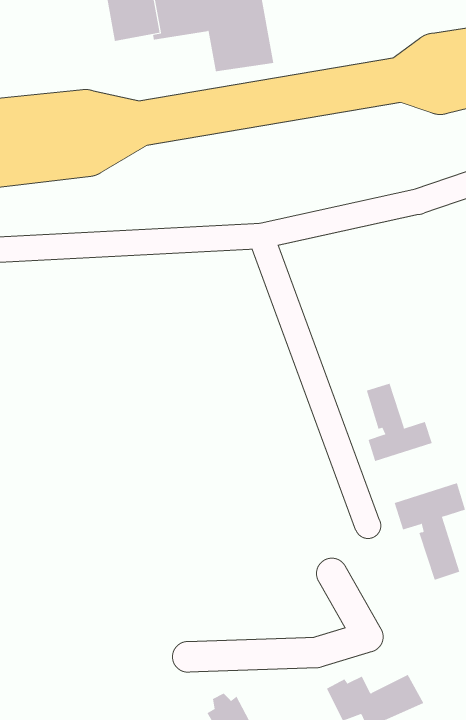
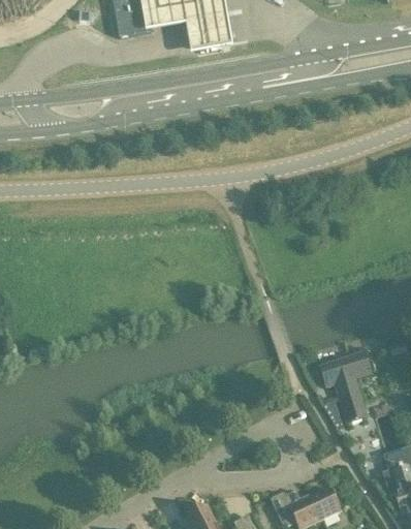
building: [366,383,432,462] -> none

